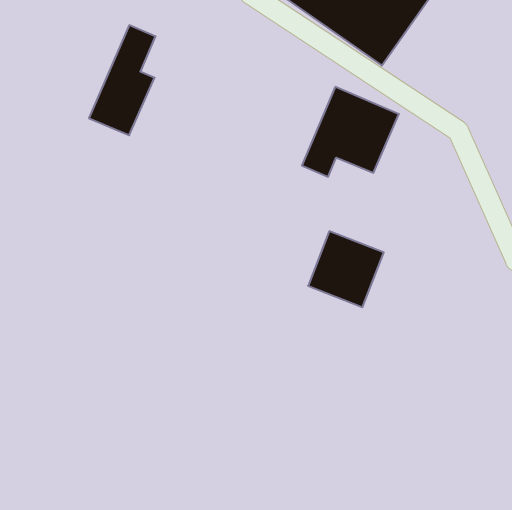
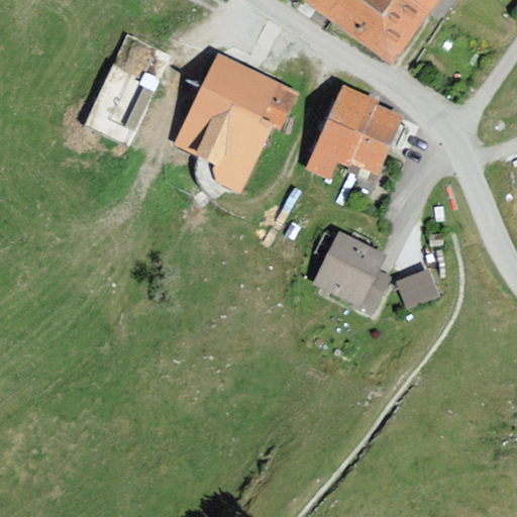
building: none -> [177,56,300,190]
building: none -> [395,266,439,307]

